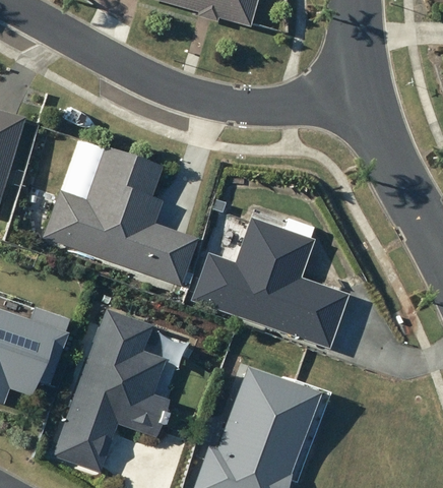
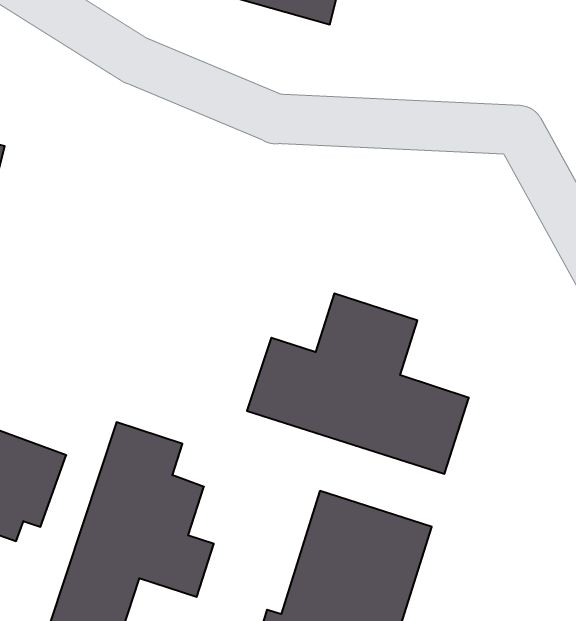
building: [44,136,199,290] -> none

